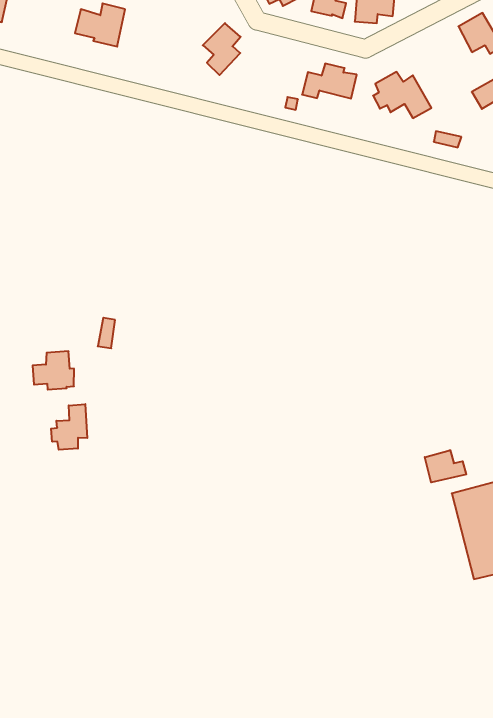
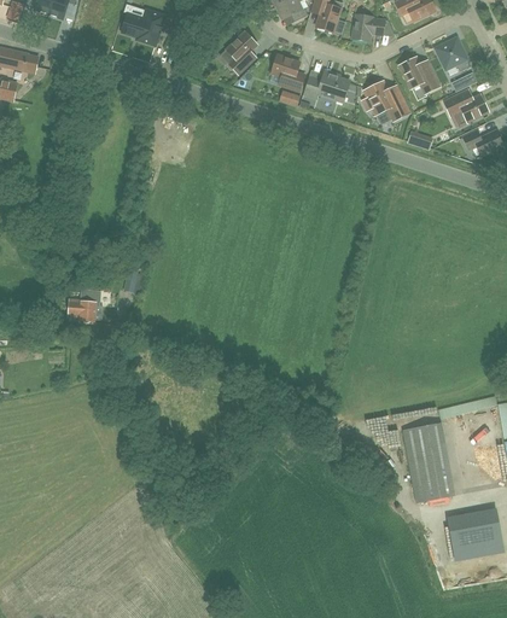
building: none -> [398,57,438,93]
building: none -> [270,54,303,91]
building: [51,404,87,450] -> none
building: [425,450,466,482] -> none

